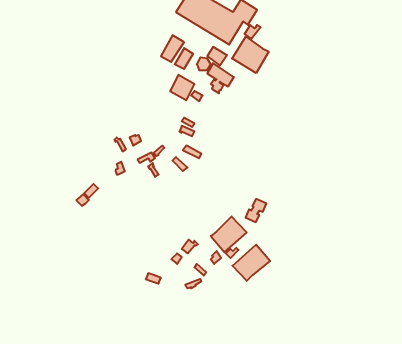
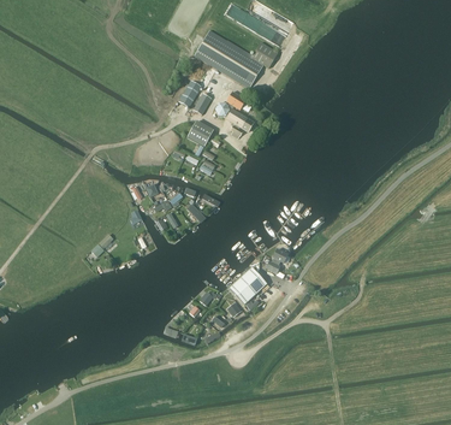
building: [232,37,269,73] -> none
building: [232,245,270,281] -> none

